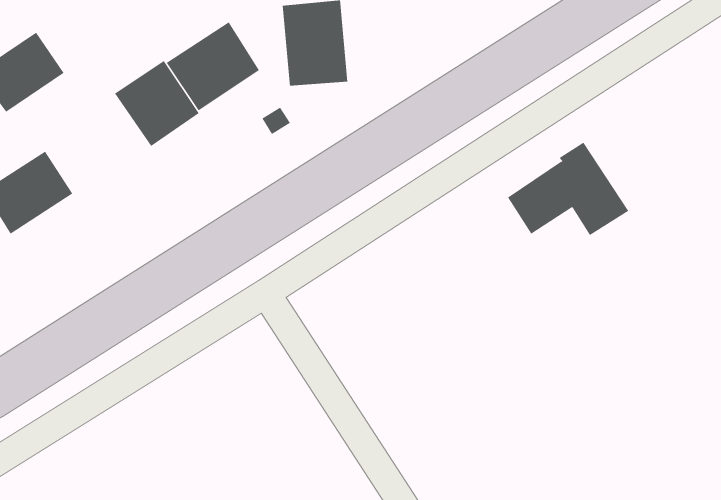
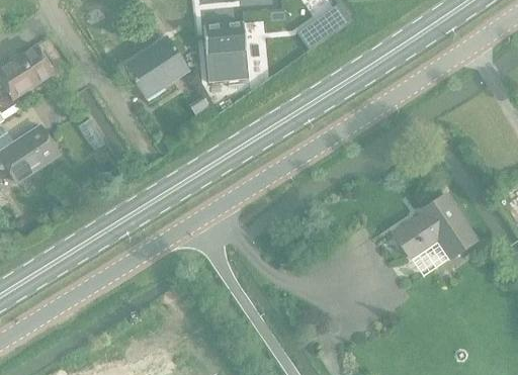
building: [114,60,199,147] -> none
building: [507,142,629,236] -> [395,191,479,256]

